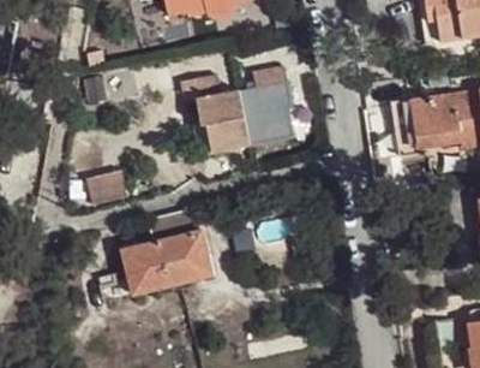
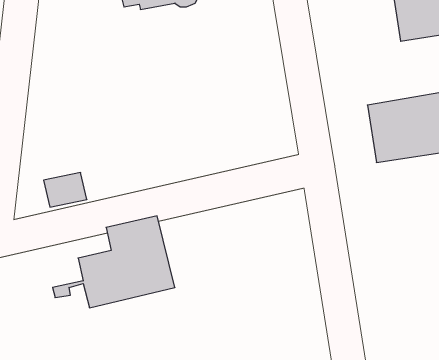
building: [185,66,295,156] -> none

